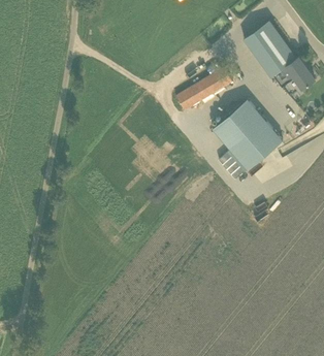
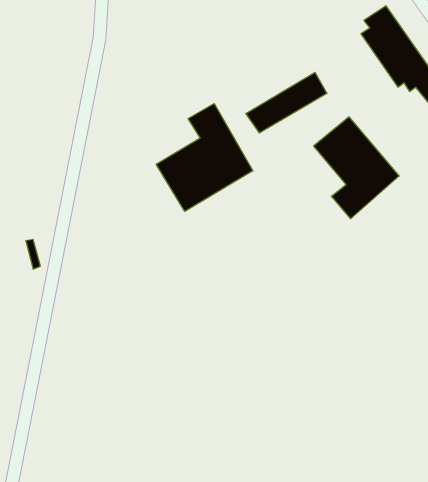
building: none -> [156,104,253,211]

